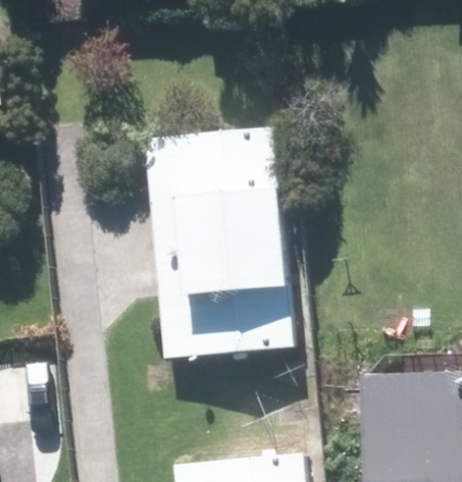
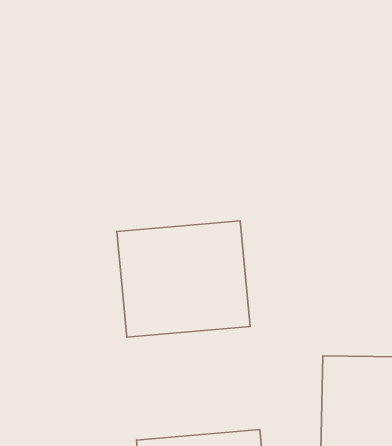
building: [143,126,283,244] -> none

